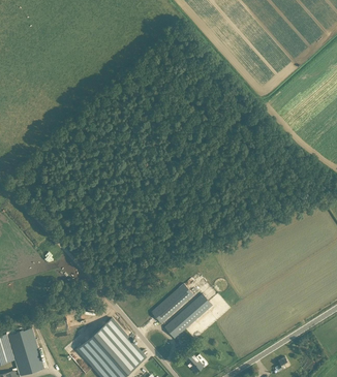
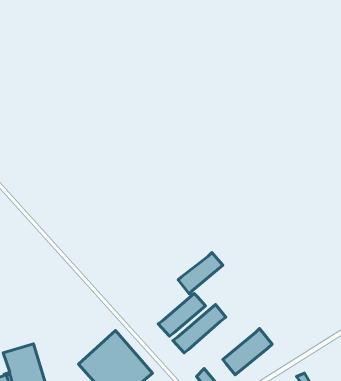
building: none -> [178,253,223,294]
building: none -> [223,328,272,375]

